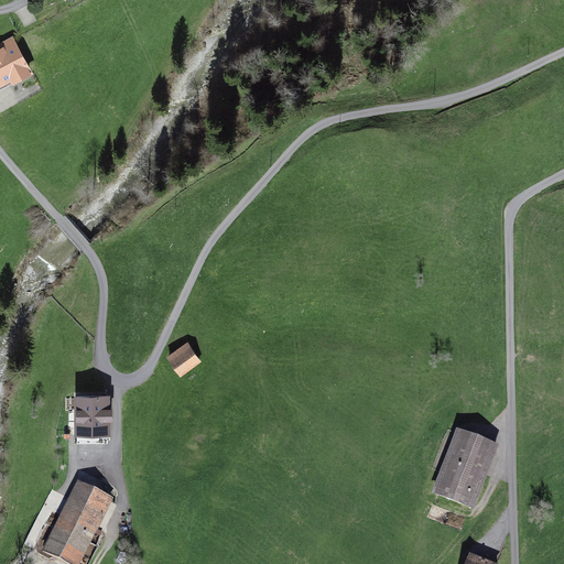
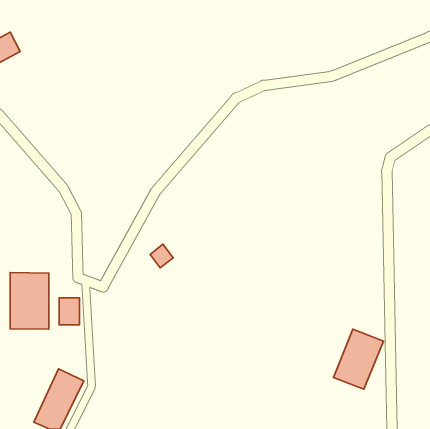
building: [166,340,196,371] -> [150,244,173,268]
building: none -> [10,273,49,329]

